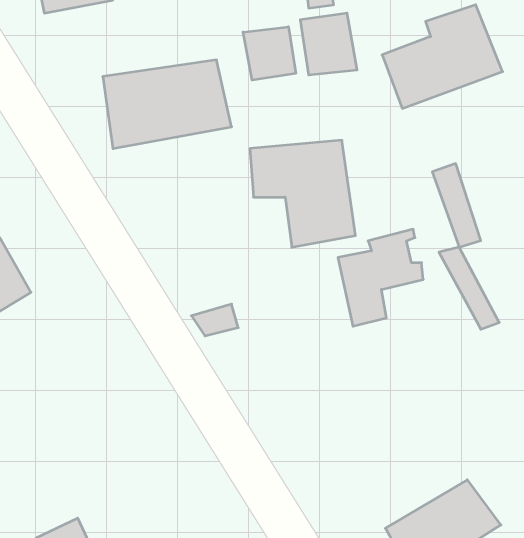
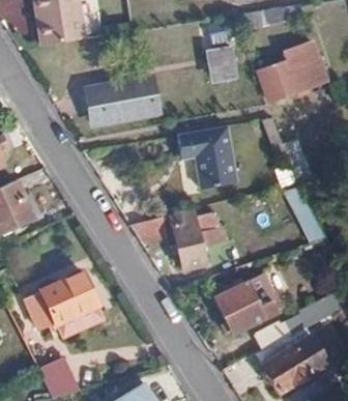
building: [243,27,296,80] -> none
building: [338,229,423,326] -> [175,210,228,270]
building: none -> [31,275,99,330]
building: none -> [218,280,279,334]

